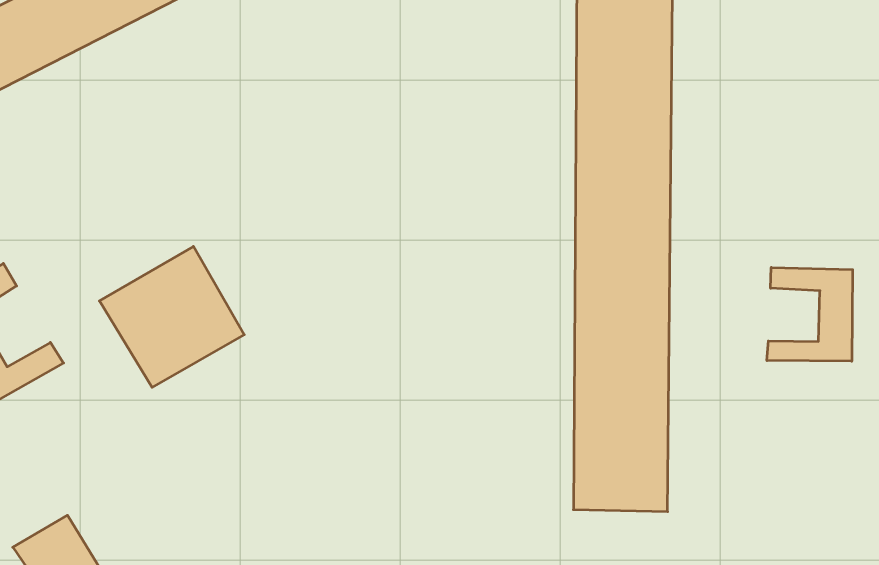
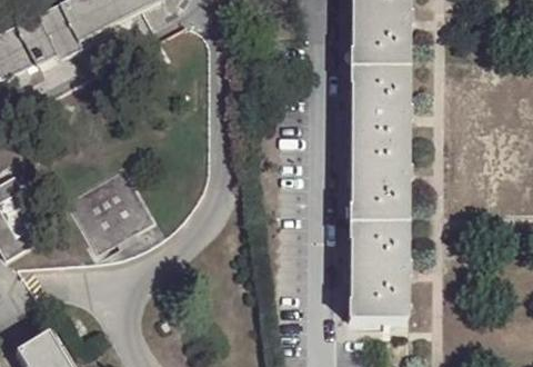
building: [767,267,853,361] -> none

